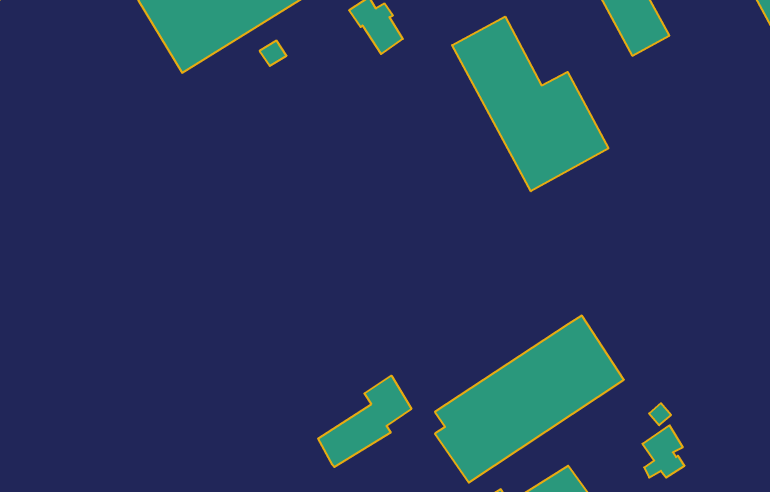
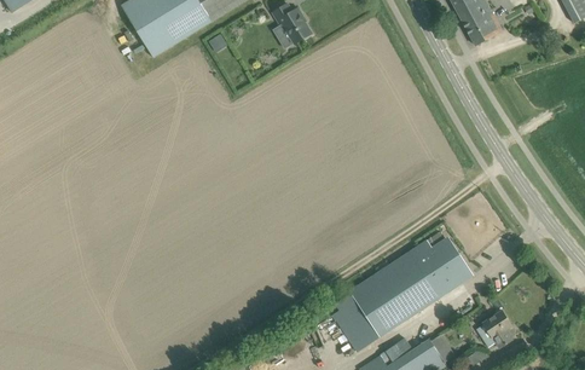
building: [452,17,608,191] -> none
building: [318,376,411,467] -> none

